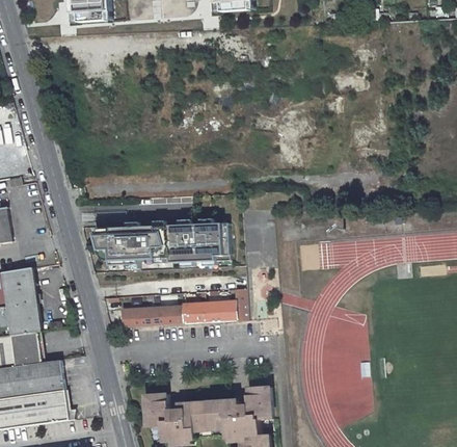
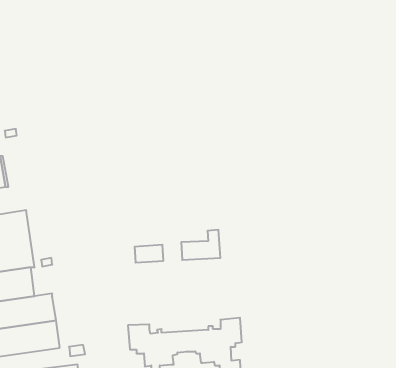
building: [95,222,228,265] -> none
building: [182,303,204,323] -> none
building: [119,308,152,327] -> none

